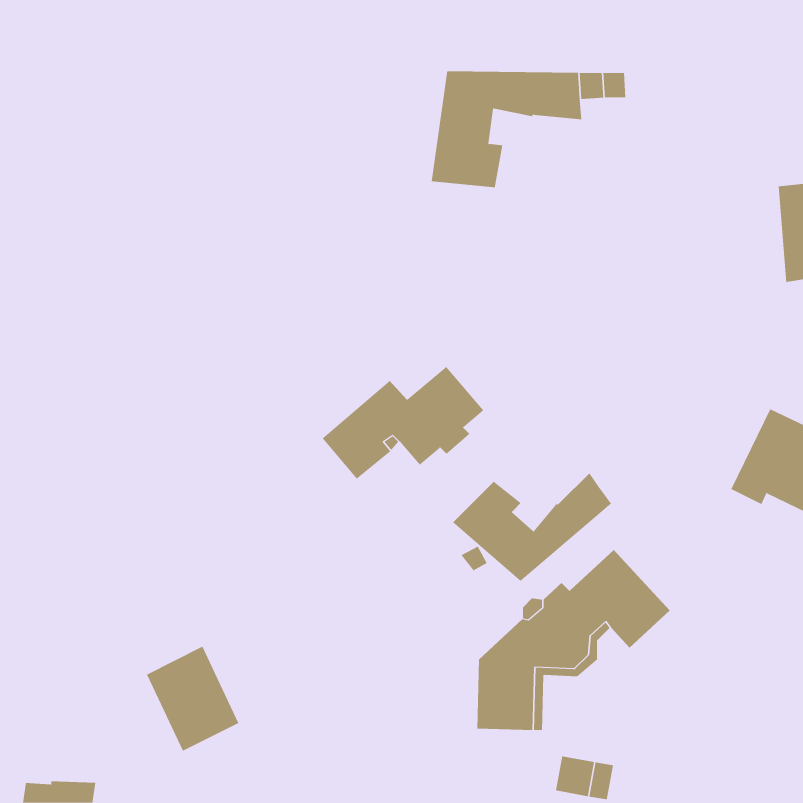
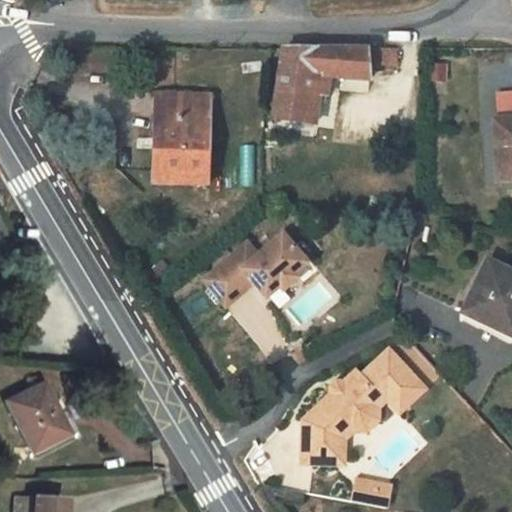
building: none -> [163,94,209,174]
building: [452,472,612,582] -> none
building: [146,646,239,752] -> [7,382,66,449]

